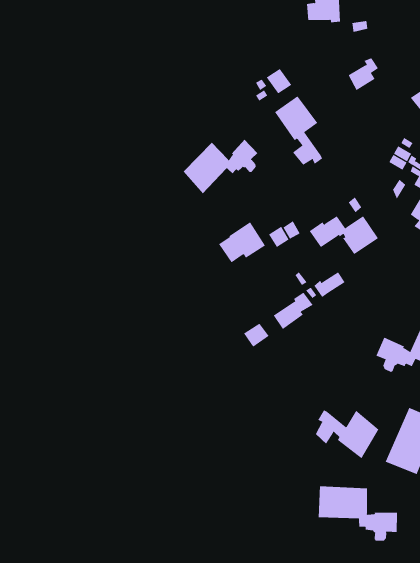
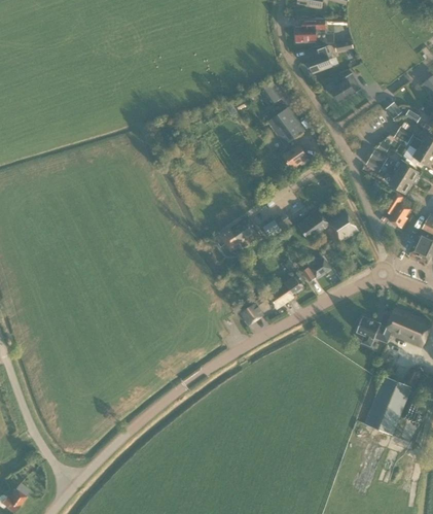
building: none -> [308,45,332,72]
building: [183,139,258,194] -> none
building: [315,410,379,459] -> none
building: [318,486,397,542] -> none

